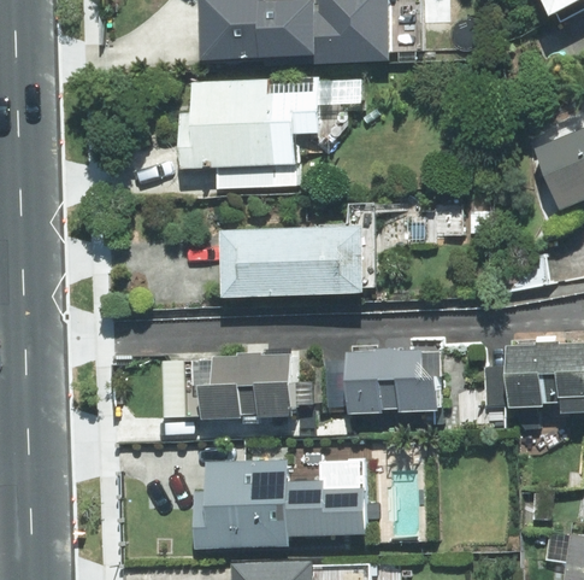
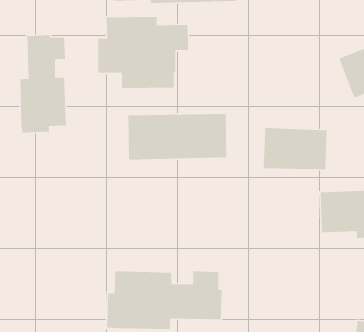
building: none -> [19,34,67,133]
building: [347,348,443,412] -> [263,127,328,170]
building: [159,351,295,418] -> none

